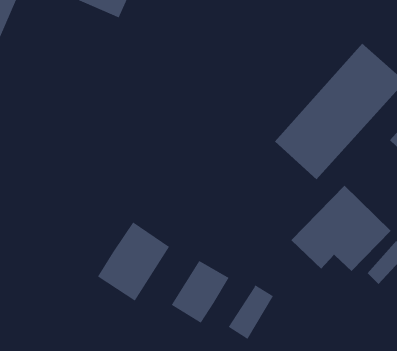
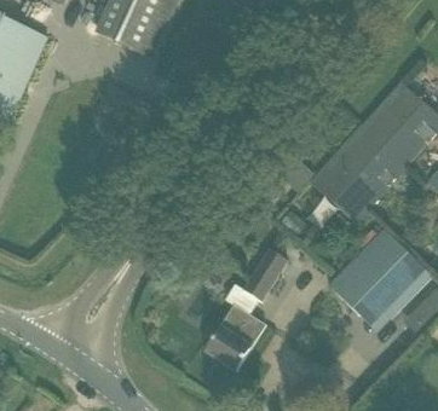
building: [97,221,170,302] -> none
building: [228,285,274,340] -> [242,245,289,302]

